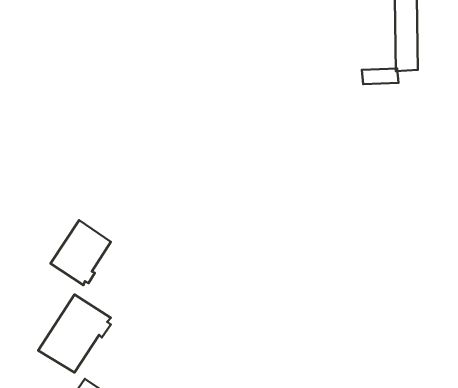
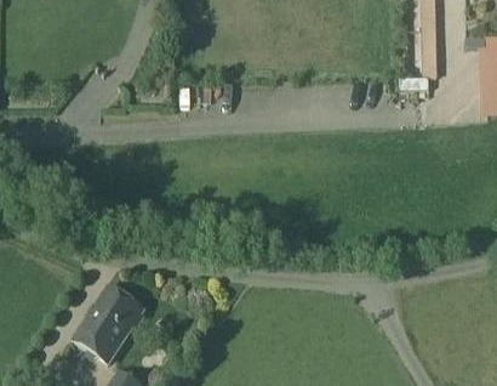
building: [51,220,111,285] -> none

